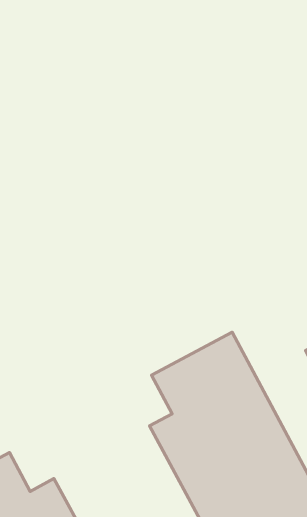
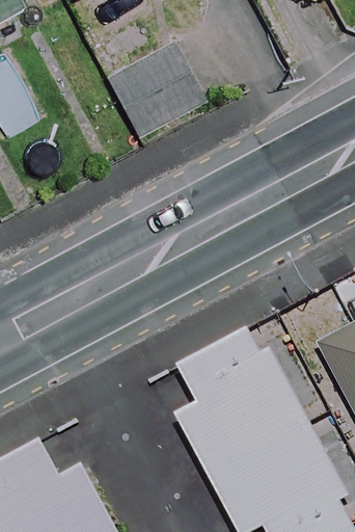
building: none -> [107,44,202,135]

